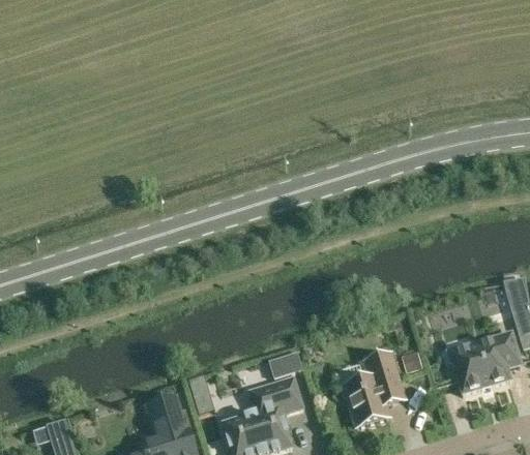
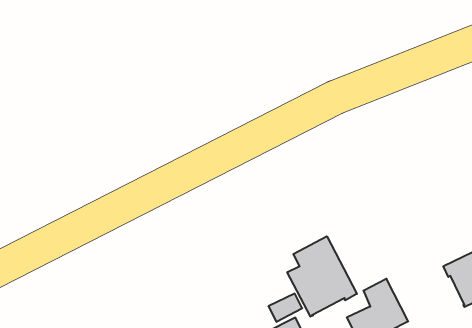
building: none -> [287,236,357,317]

